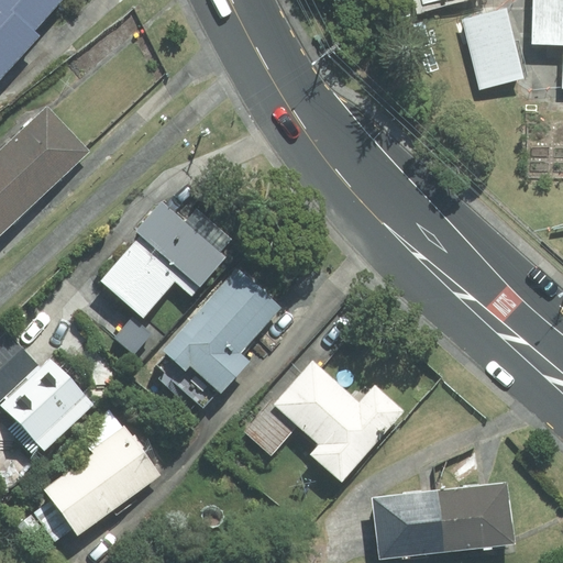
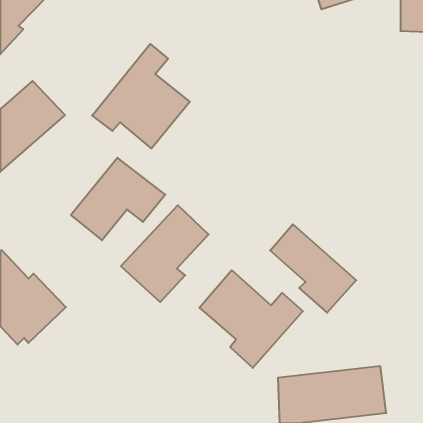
building: [454,4,530,97] -> none
building: none -> [92,44,190,148]
building: none -> [270,224,356,313]
building: [41,427,162,538] -> none

